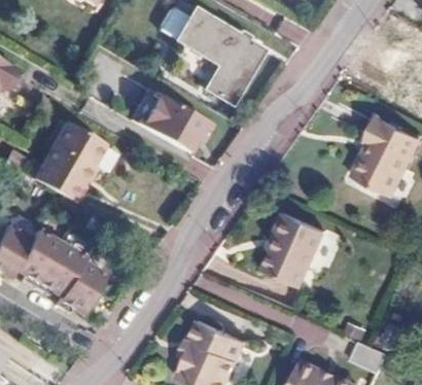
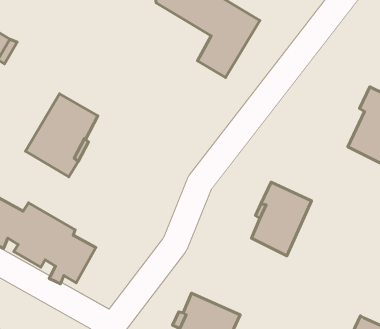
building: [111,74,211,151] -> none

